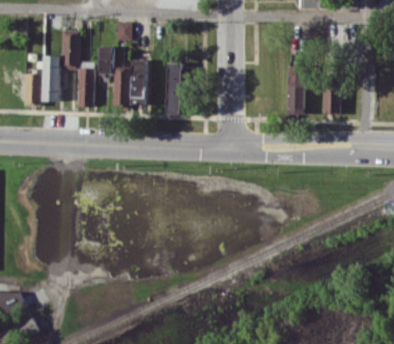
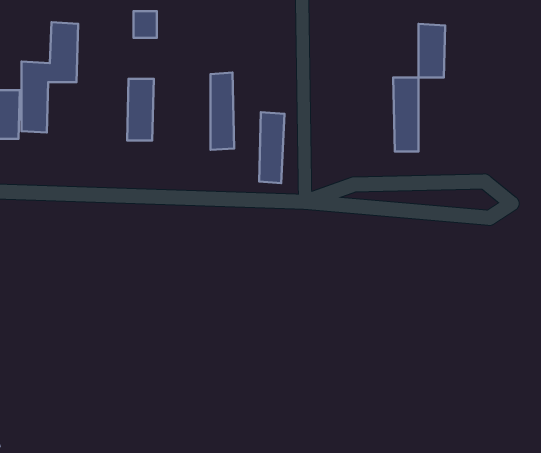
building: [98,47,113,75] -> none
building: [131,60,147,107] -> [259,112,284,183]
building: [78,68,94,108] -> none
building: [323,80,341,115] -> [418,24,445,77]

